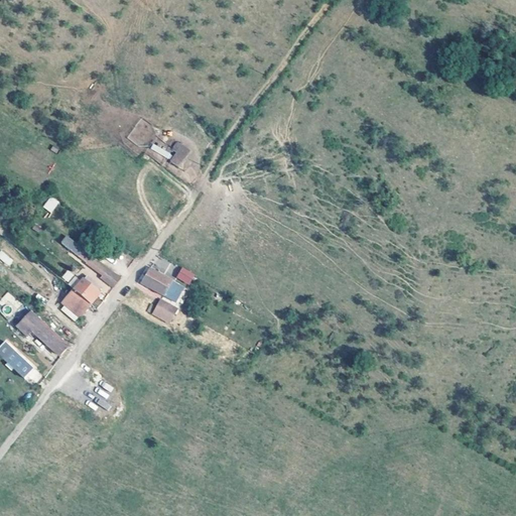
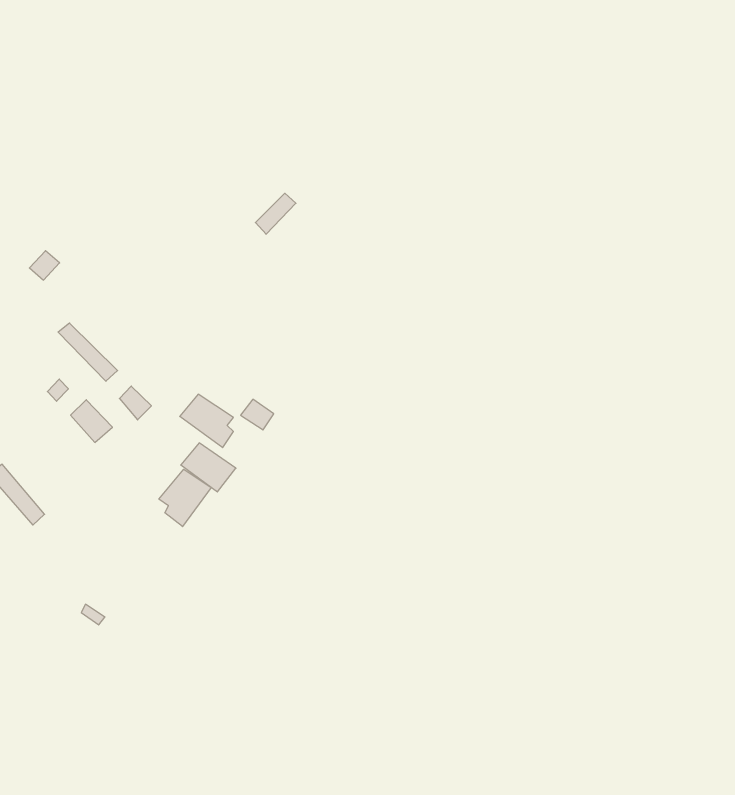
building: [62,288,91,315] -> none
building: none -> [159,469,211,527]

